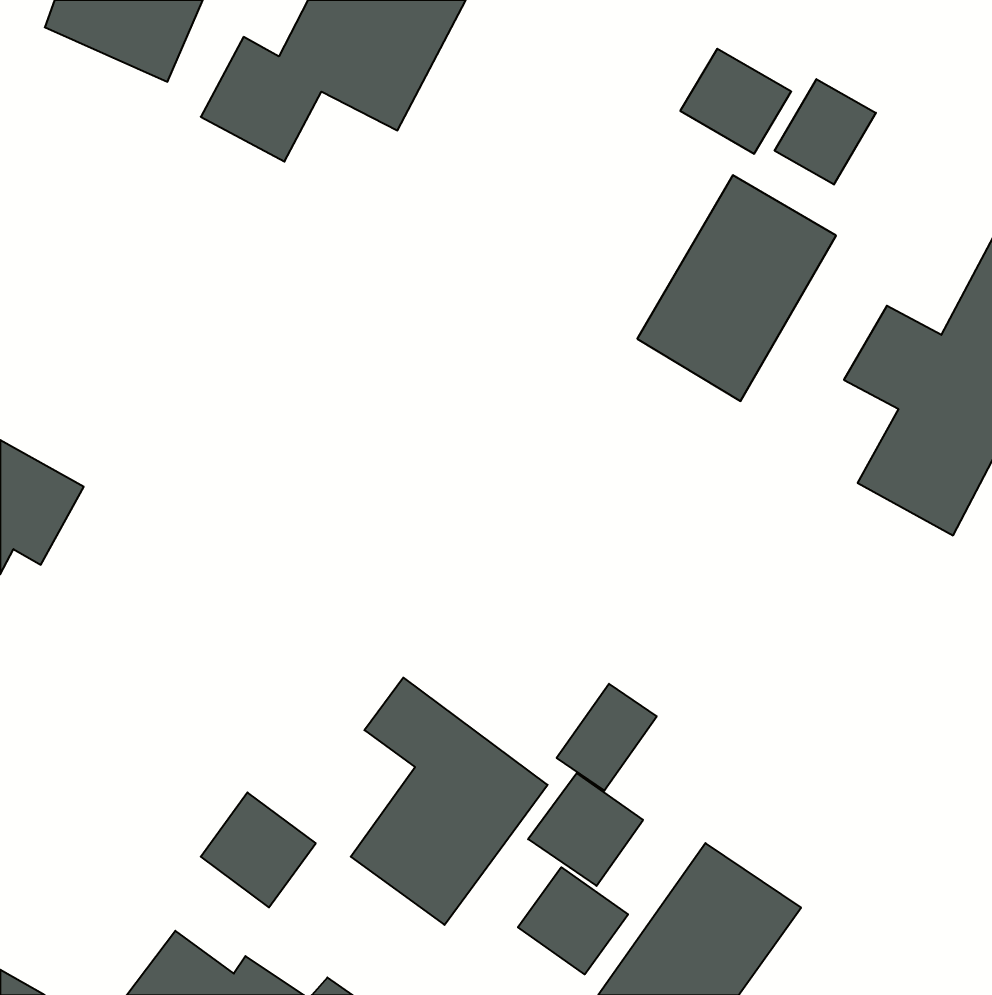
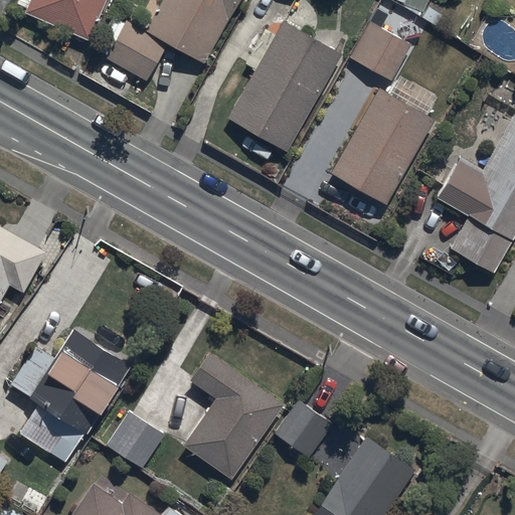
building: none -> [228,22,344,155]
building: [775,79,876,185] -> none
building: none -> [11,327,131,463]
building: [557,684,657,791] -> none
building: [518,867,628,974] -> none

